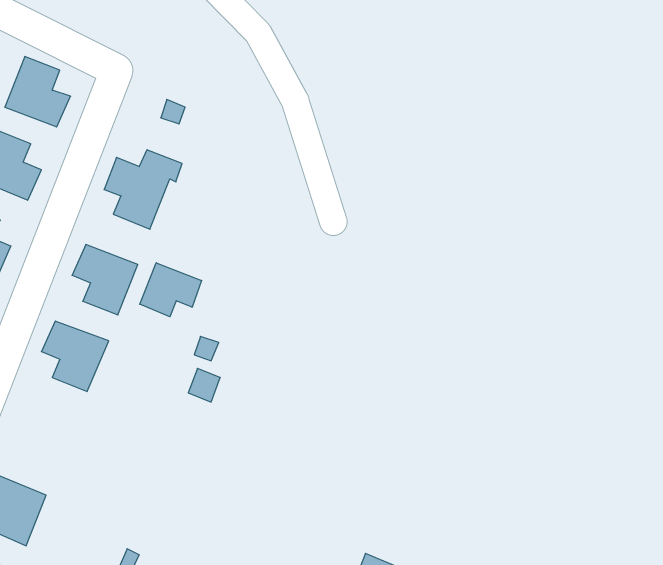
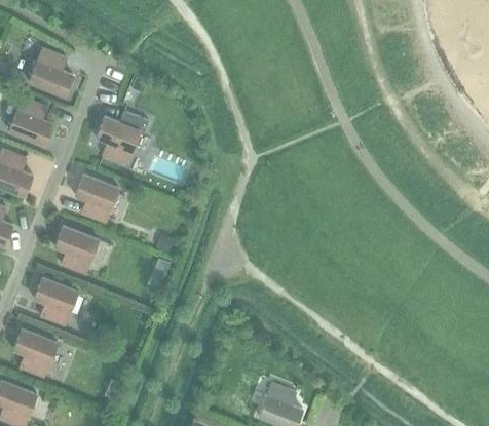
building: [140,263,202,317] -> none
building: none -> [33,277,78,325]

